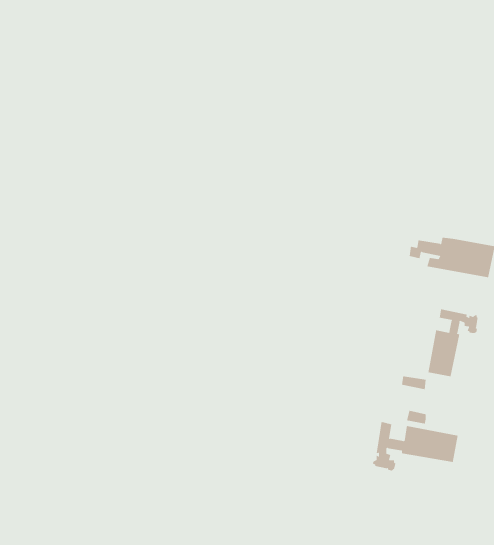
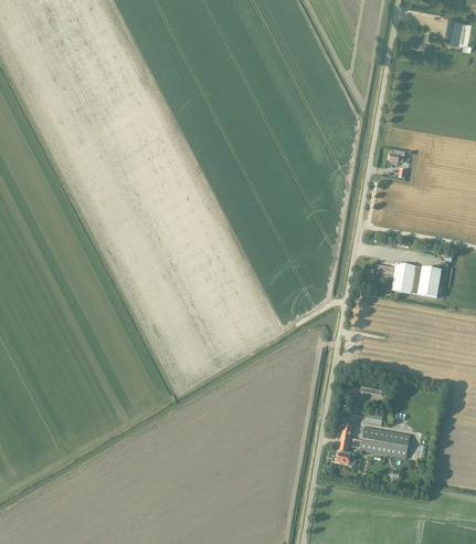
building: [428,308,478,377] -> none

